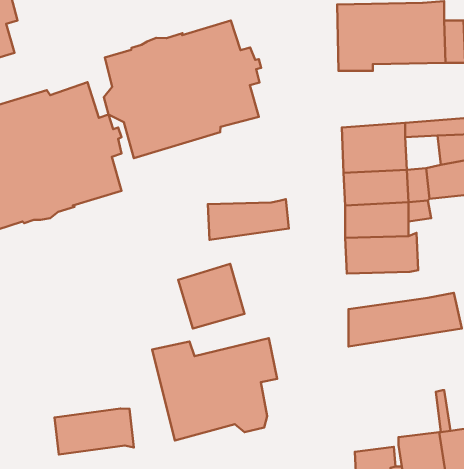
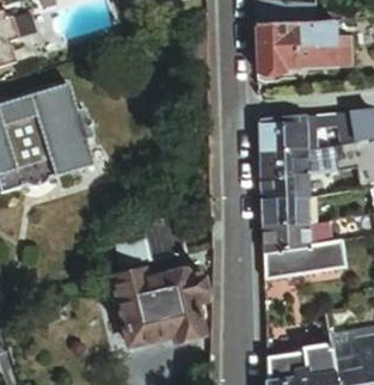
building: [104,20,261,158] -> none
building: [208,199,289,240] -> [262,221,321,251]
building: [55,408,134,455] -> none

